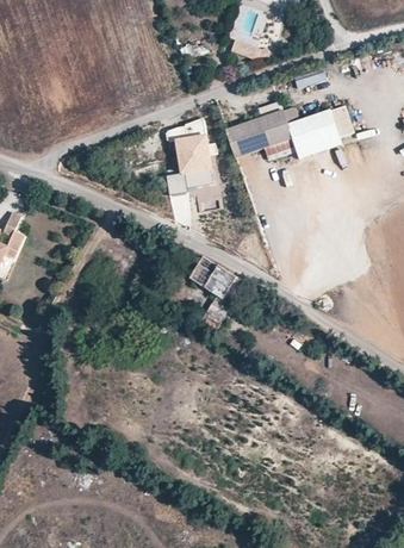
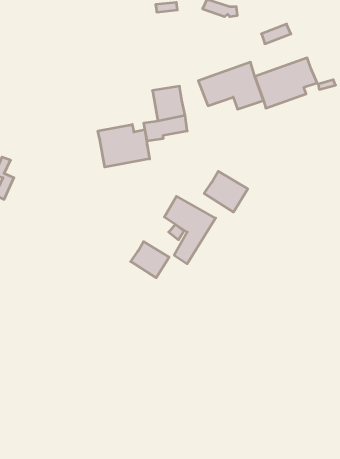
building: none -> [98,124,150,167]
building: none -> [204,171,248,212]
building: none -> [131,242,169,278]

